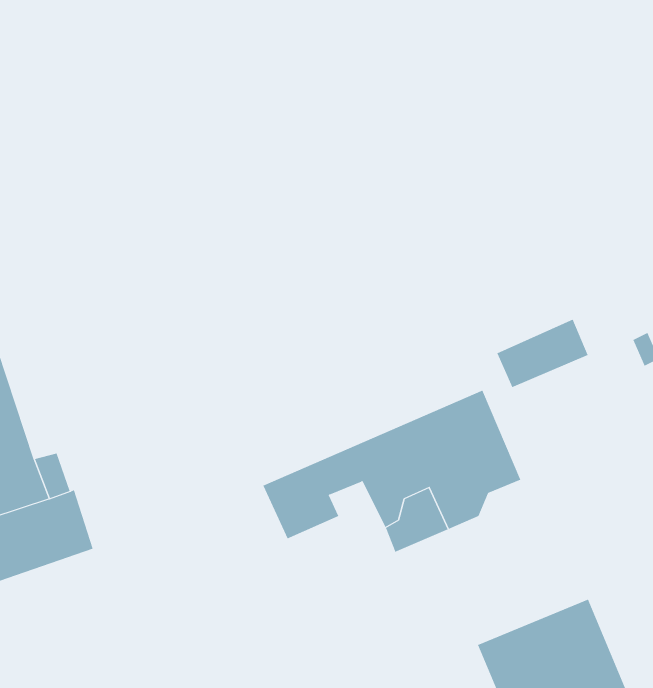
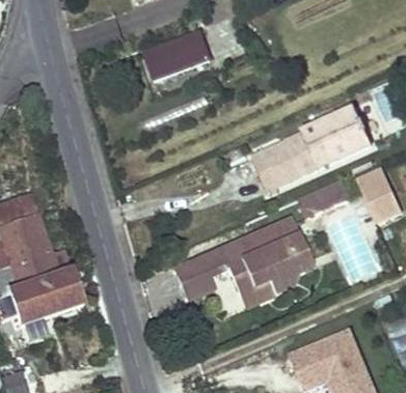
building: none -> [142,29,209,79]
building: none -> [250,109,371,190]

